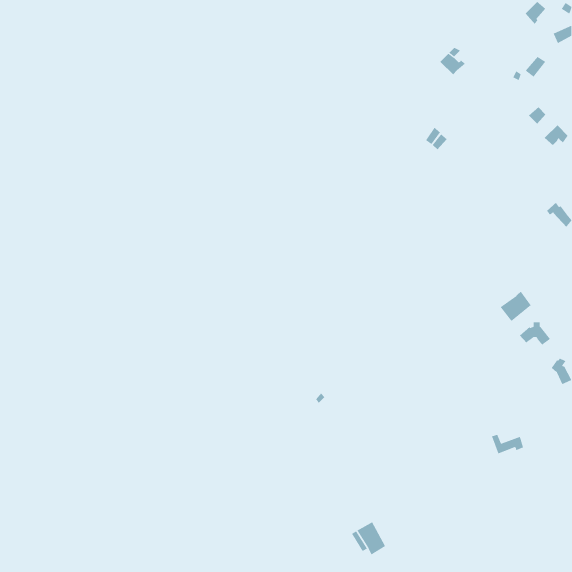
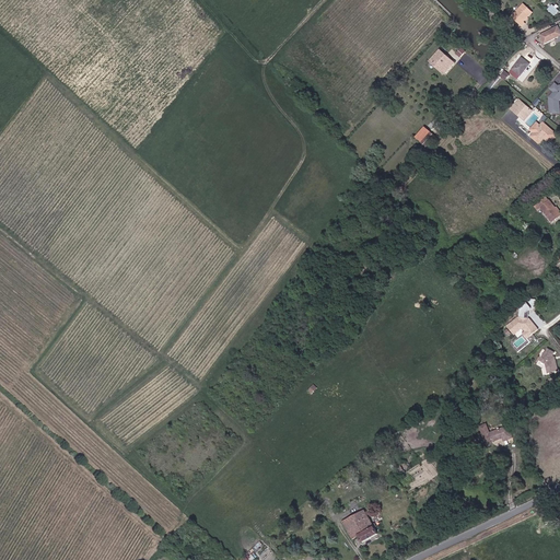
building: [500,291,532,322] -> none

